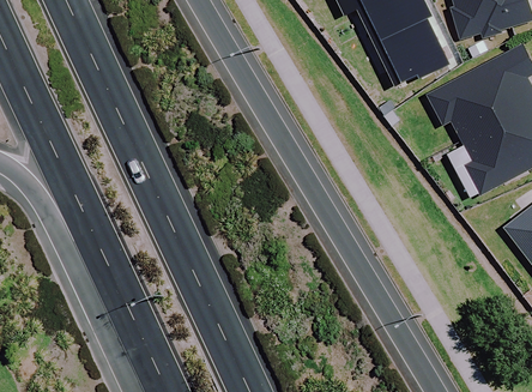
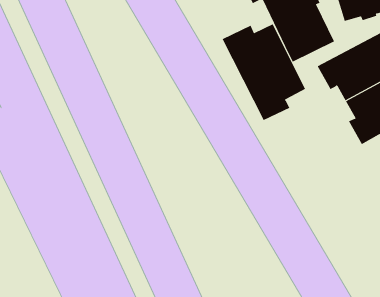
building: none -> [222,24,306,121]

